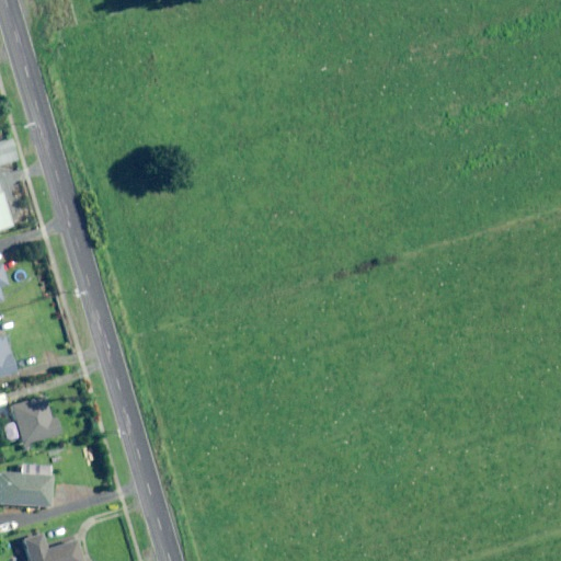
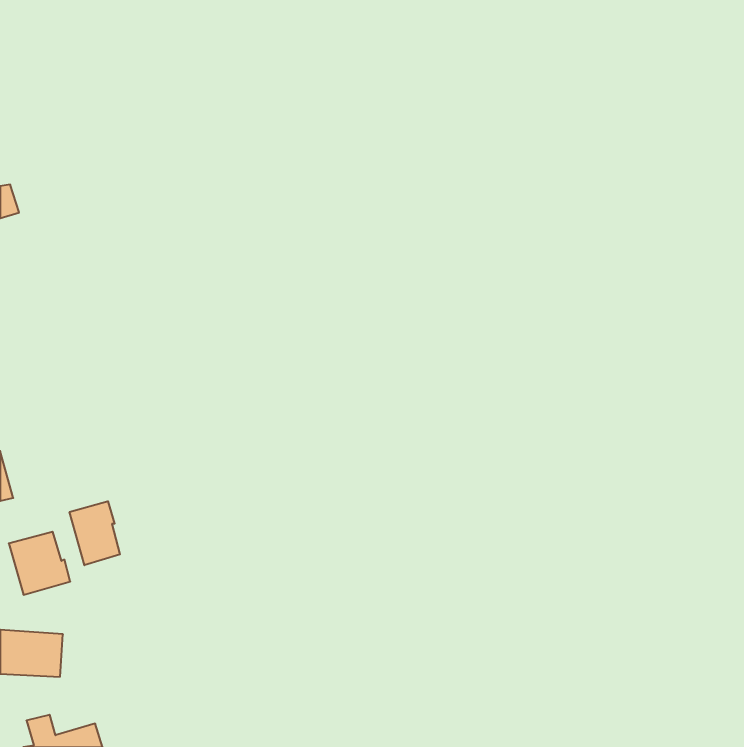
building: none -> [70,501,120,565]

